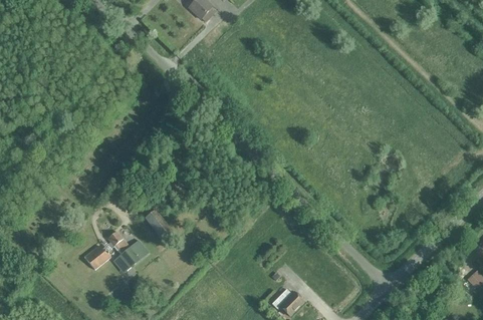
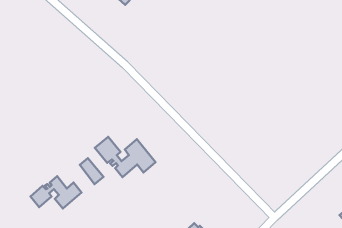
building: none -> [95,137,156,177]

